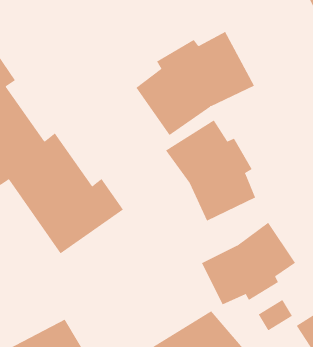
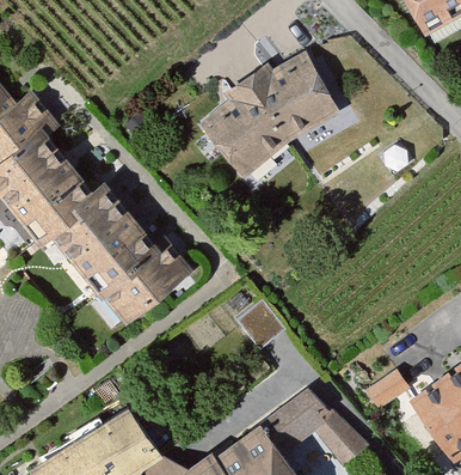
building: [165,120,256,222] -> none
building: [201,222,296,305] -> none

